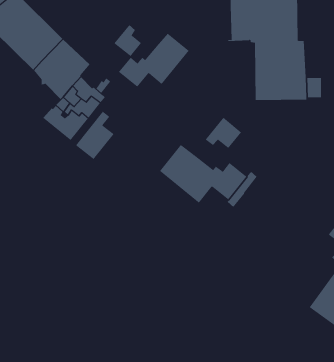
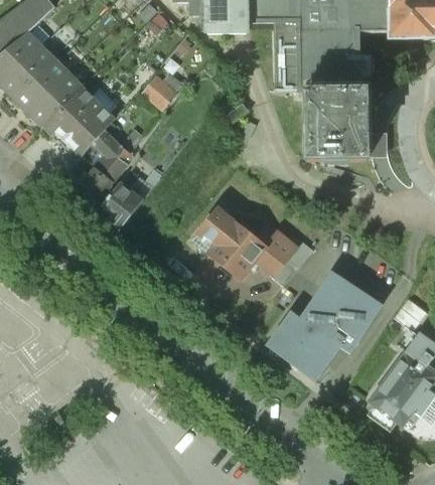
building: [118,33,190,88] -> none
building: [205,117,242,149] -> none
building: none -> [267,271,383,380]

